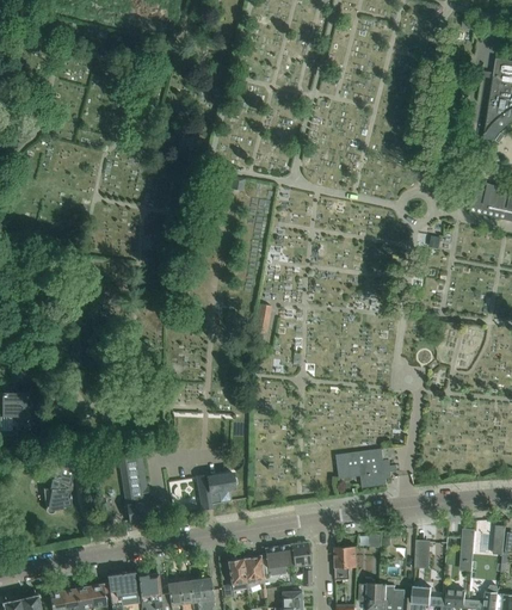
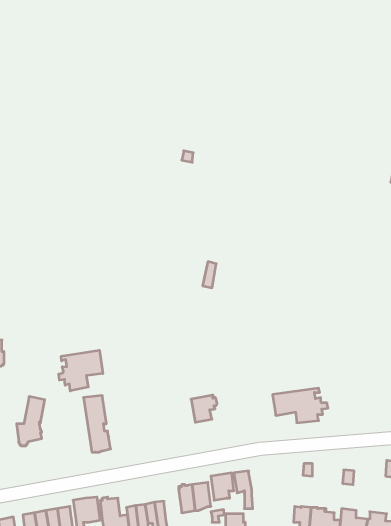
building: none -> [59,350,103,391]
building: [206,474,236,505] -> [191,395,217,422]
building: [334,547,357,580] -> none

